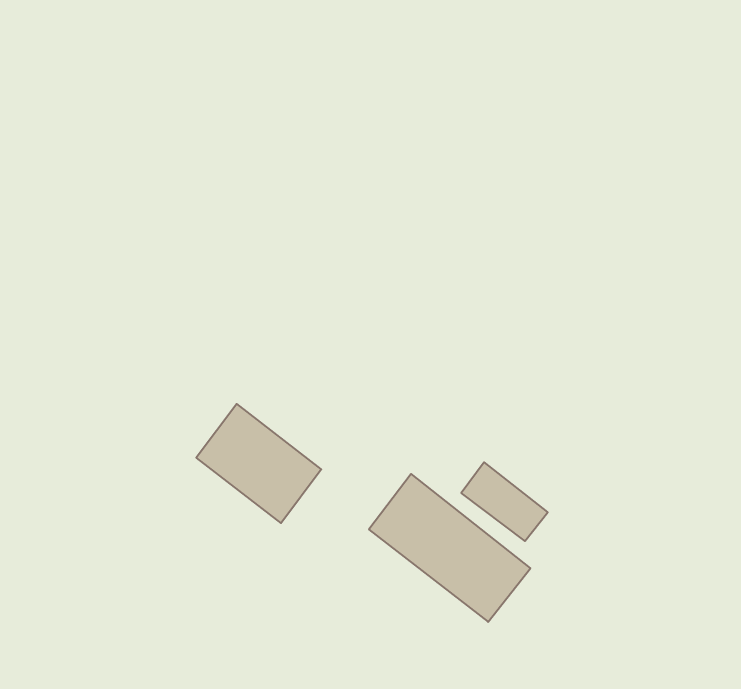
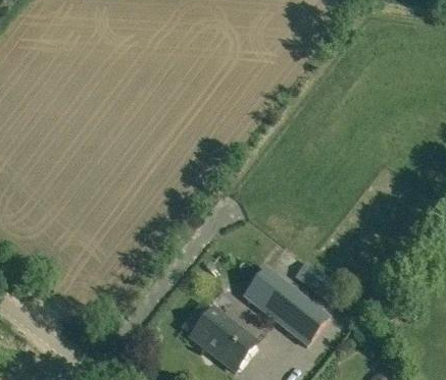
building: [196,404,321,523] -> [190,307,256,370]

